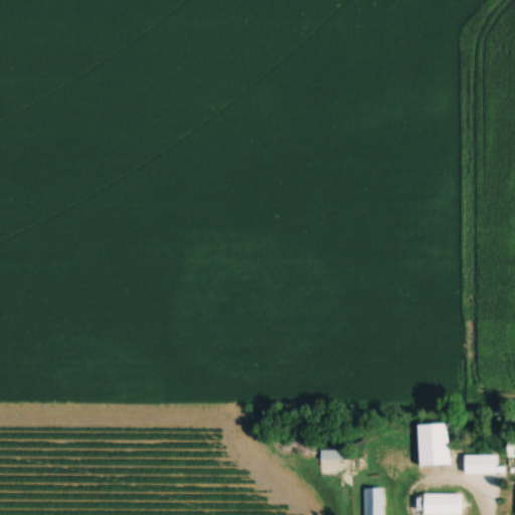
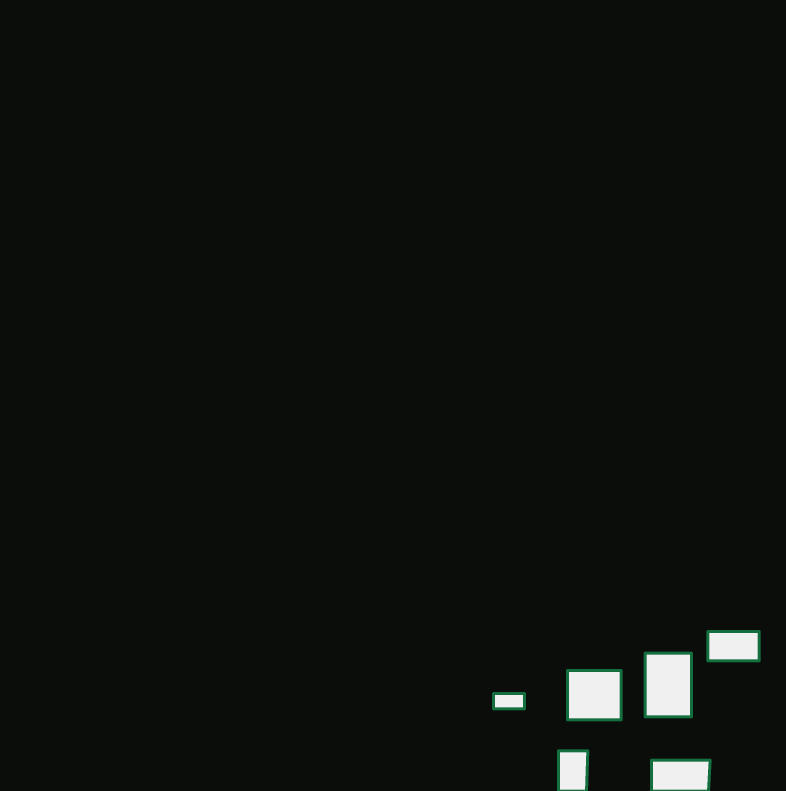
building: none -> [568,671,621,720]
building: [465,456,498,475] -> [708,631,759,661]

